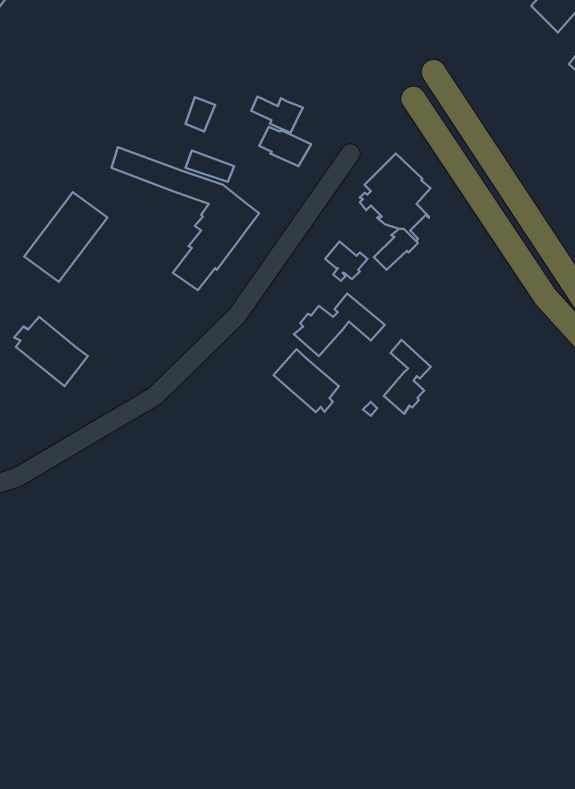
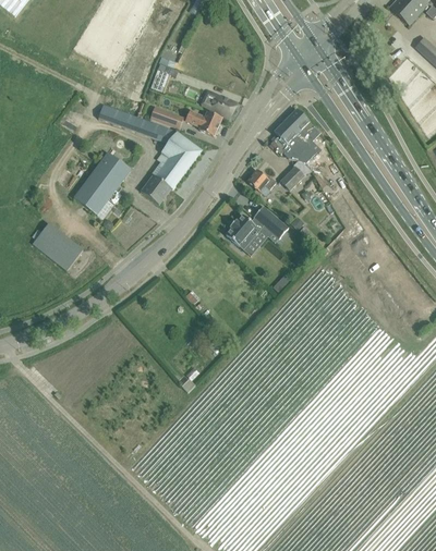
building: [251,97,303,133] -> [186,110,222,135]
building: [24,192,107,282] -> [73,152,131,215]
building: [384,340,431,414] -> none
building: [274,349,339,412] -> none

